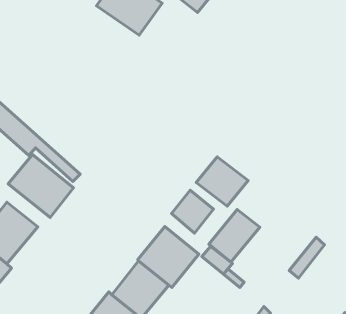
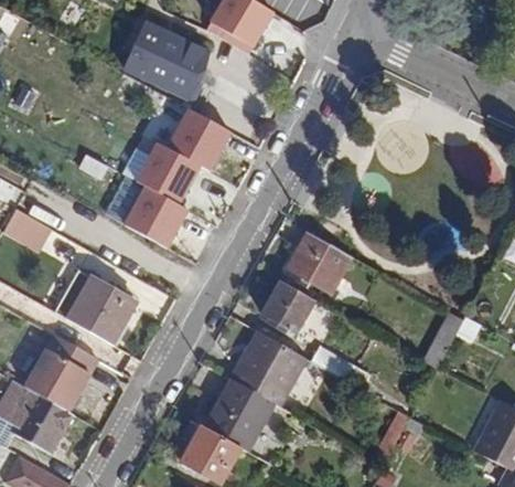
building: none -> [124,109,234,248]
building: [209,209,260,262] -> none

